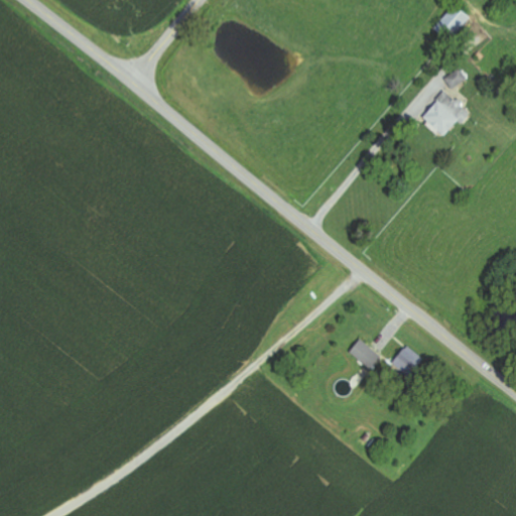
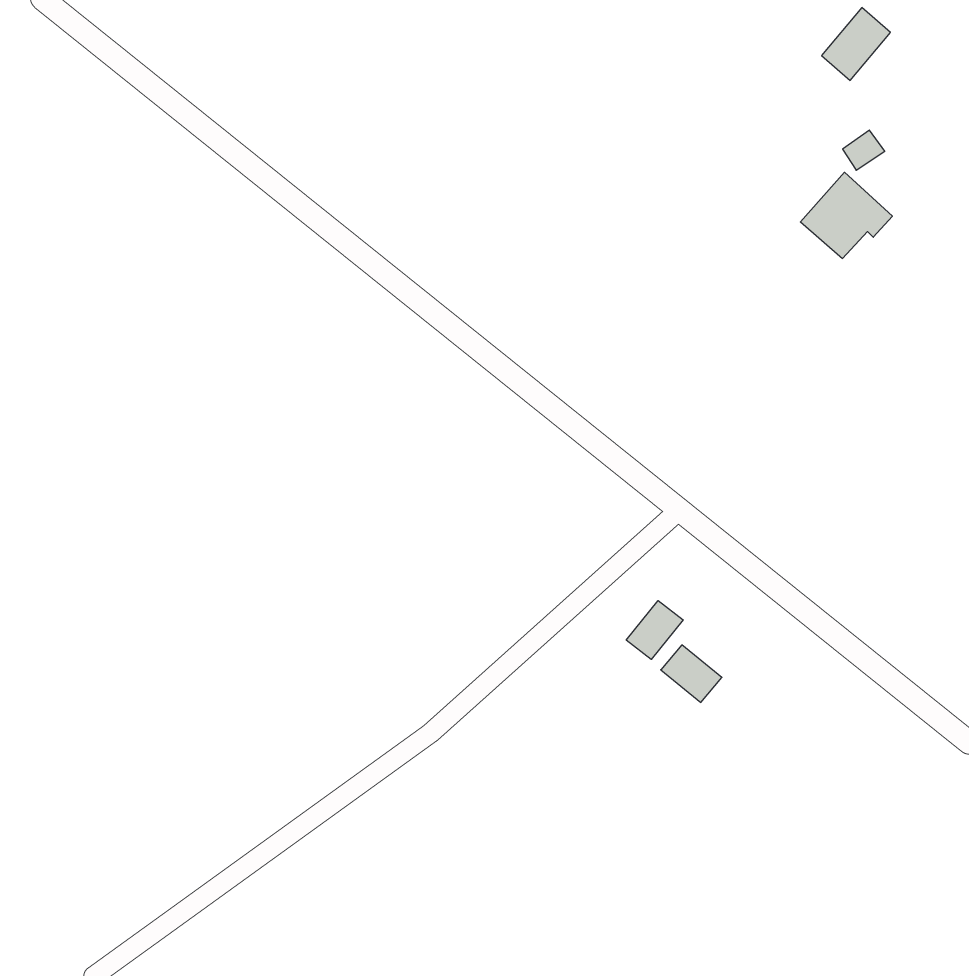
building: none -> [626,601,683,659]
building: [391,346,422,377] -> none

